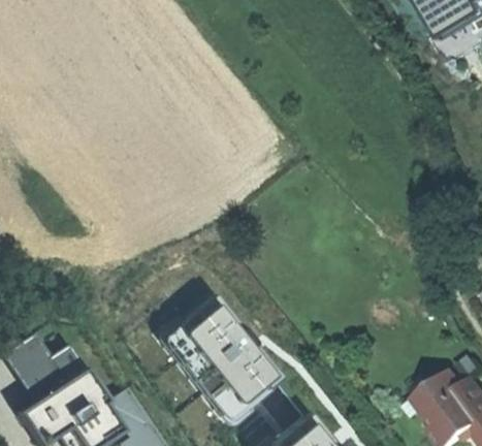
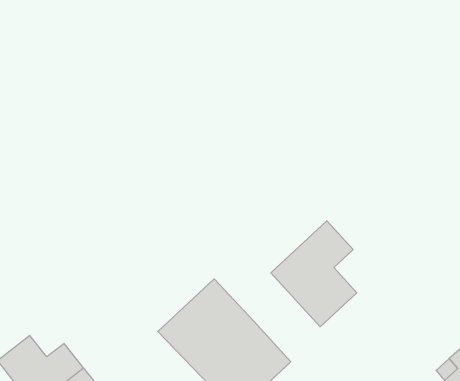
building: none -> [271,221,357,327]

